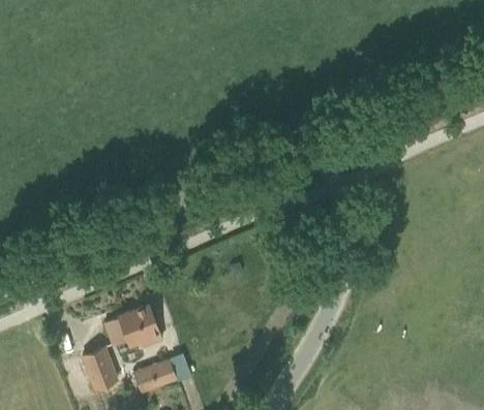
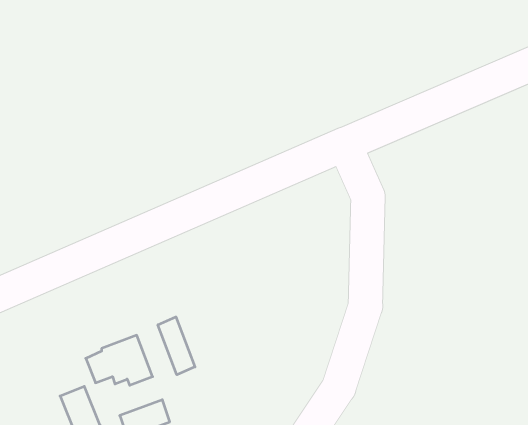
building: none -> [158,317,195,375]

